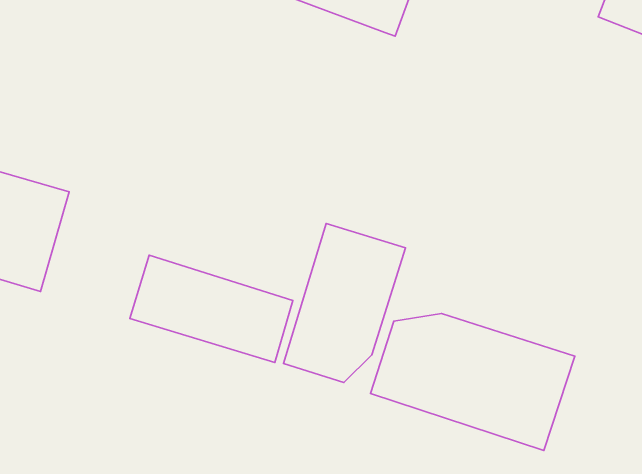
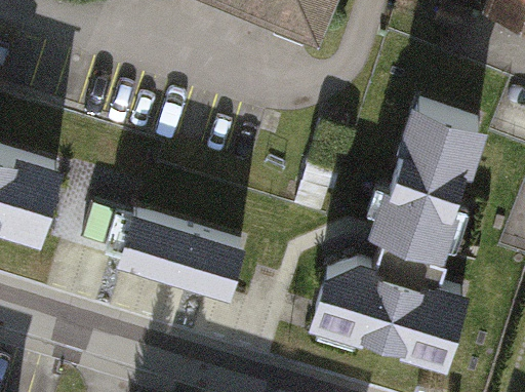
building: none -> [370,95,487,250]
building: [283,223,405,382] -> none

